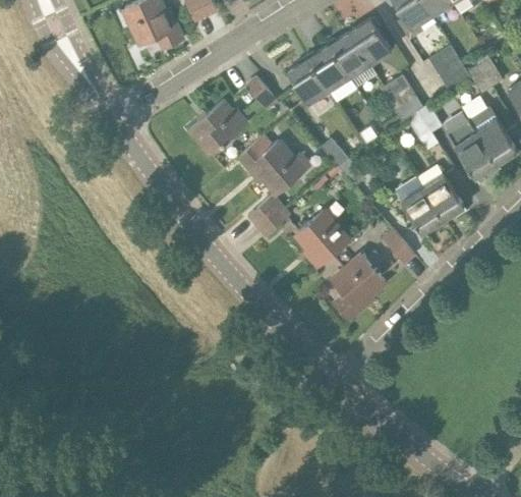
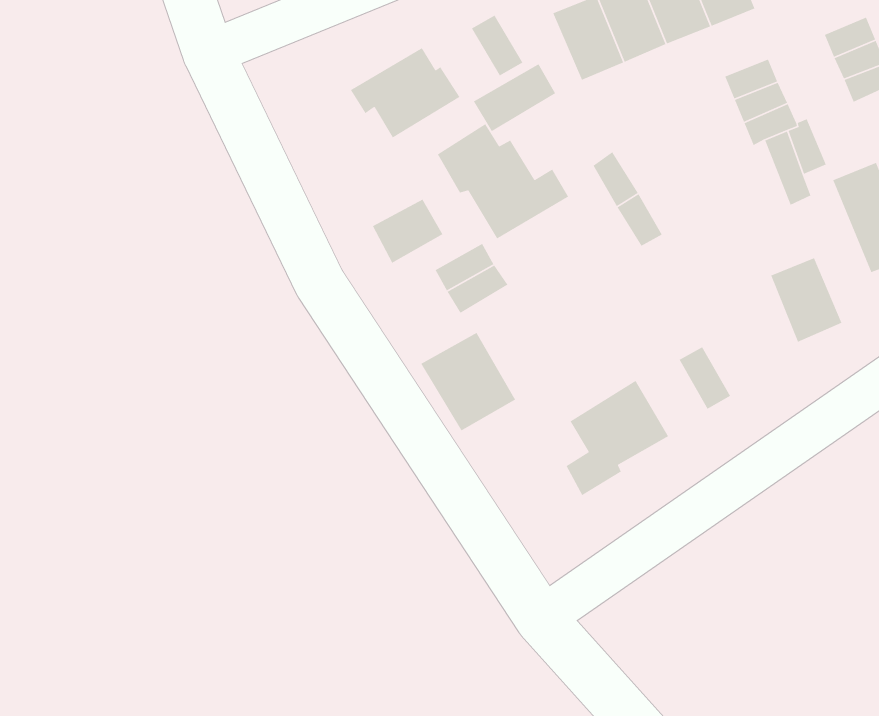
building: none -> [473,63,556,132]
building: none -> [372,198,443,264]
building: [402,187,444,233] -> none
building: [296,211,349,264] -> [420,332,516,432]

